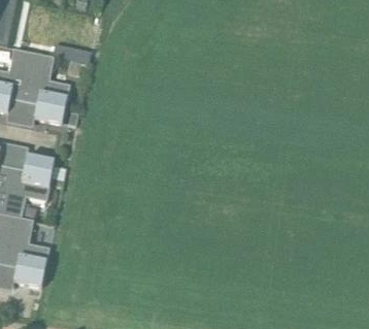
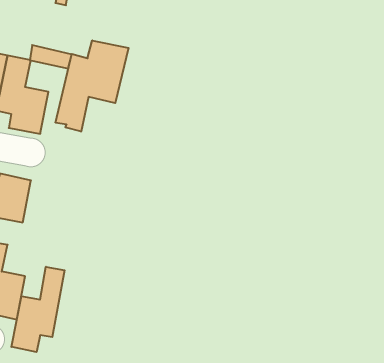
building: none -> [56,40,129,132]
building: none -> [11,267,65,352]

